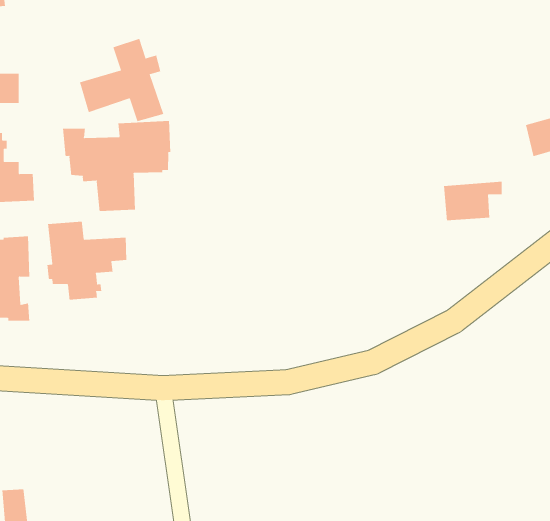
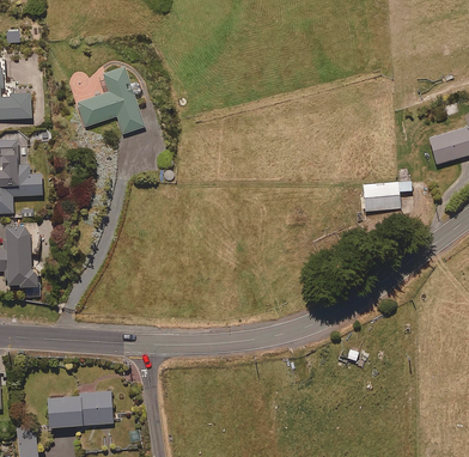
building: [62,120,171,212] -> none
building: [47,221,127,301] -> none
building: none -> [48,392,112,427]

